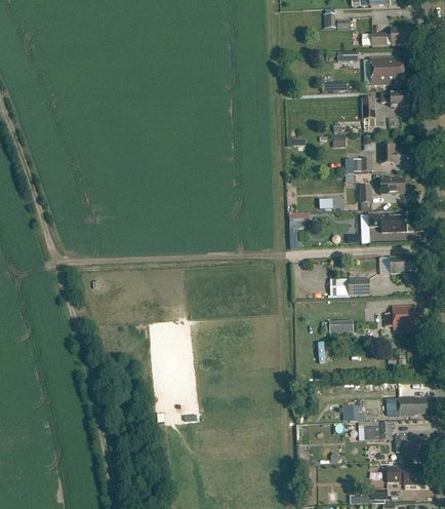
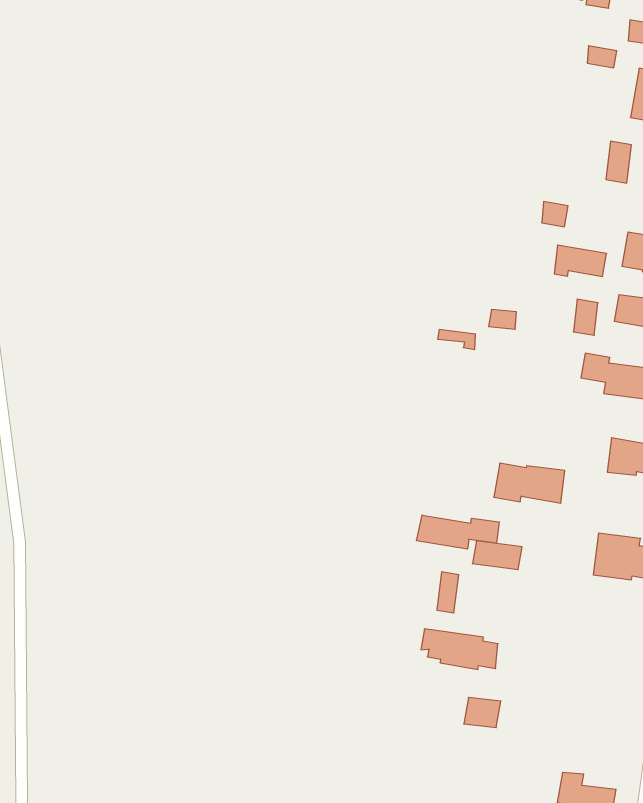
building: none -> [417,515,499,549]
building: [386,397,427,415] -> [421,629,498,669]
building: [364,423,392,440] -> none

